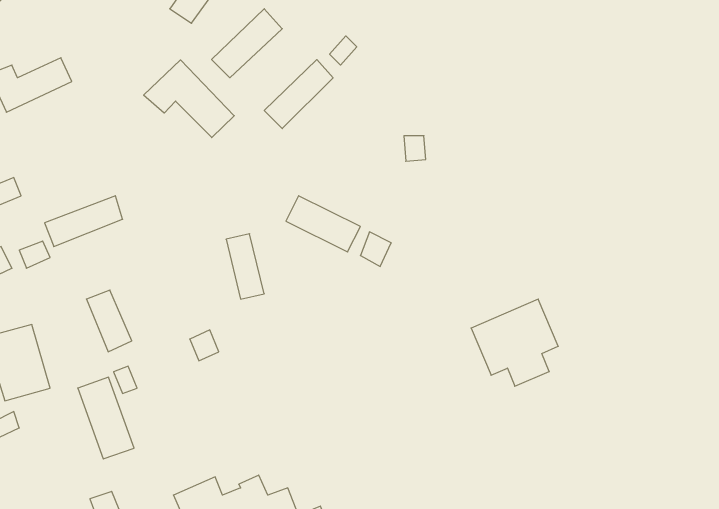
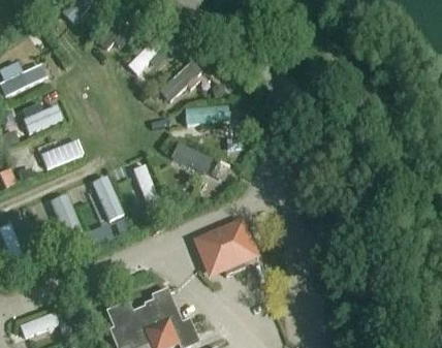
building: [144,60,234,138] -> none
building: none -> [22,103,63,132]
building: none -> [183,106,228,124]
building: [471,299,558,386] -> [199,227,249,277]
building: [78,377,134,459] -> [92,175,124,221]

